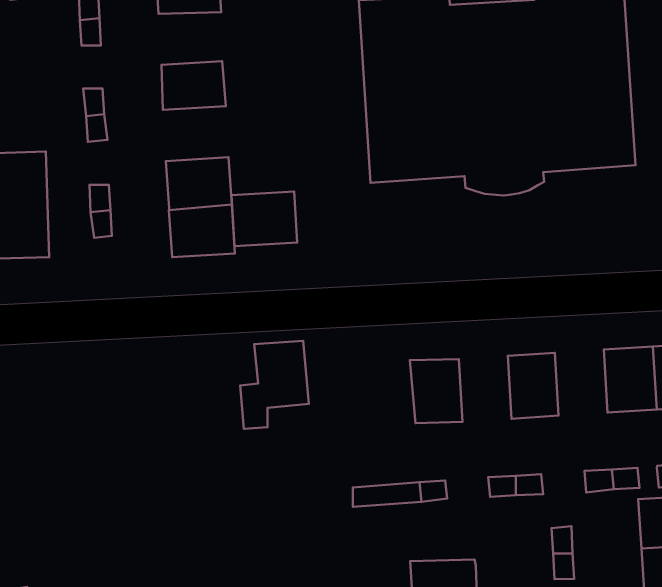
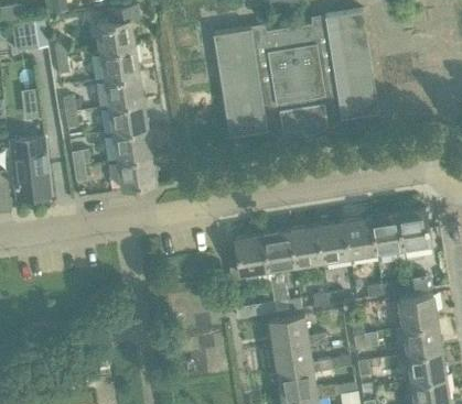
building: none -> [100,48,139,81]
building: [232,191,297,246] -> [108,101,148,135]
building: [240,341,309,429] -> [228,234,268,287]
building: none -> [343,218,376,258]
building: none -> [289,227,322,266]
building: none -> [268,315,327,348]

